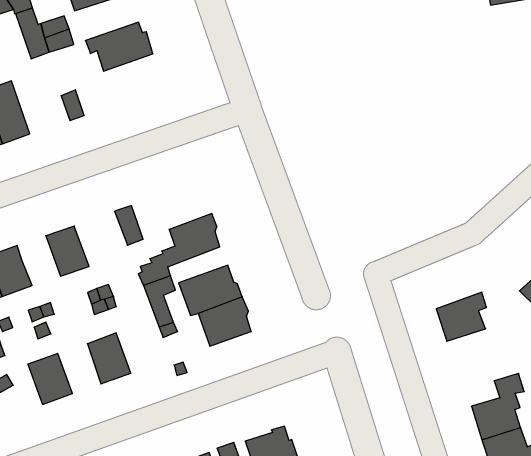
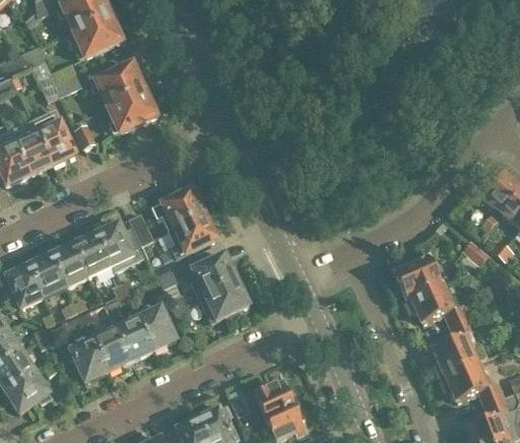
building: none -> [108,87,156,135]
building: none -> [34,112,74,163]
building: none -> [150,188,207,229]
building: none -> [96,224,133,272]
building: none -> [52,244,89,286]
building: none -> [139,307,176,349]
building: none -> [408,283,469,325]
building: none -> [93,328,131,370]

